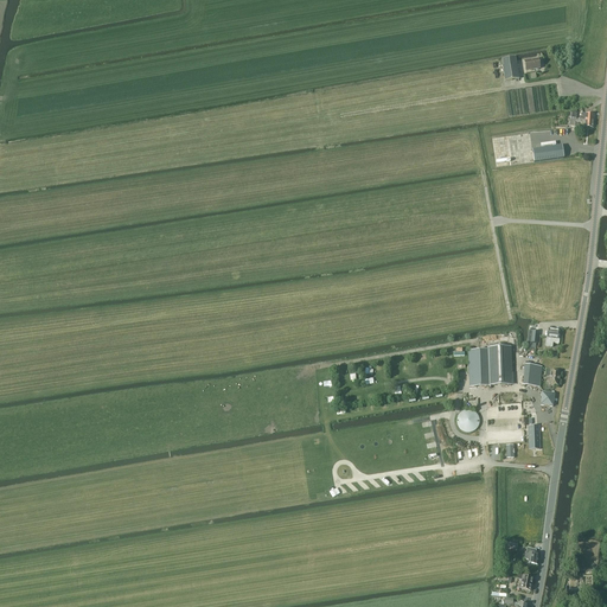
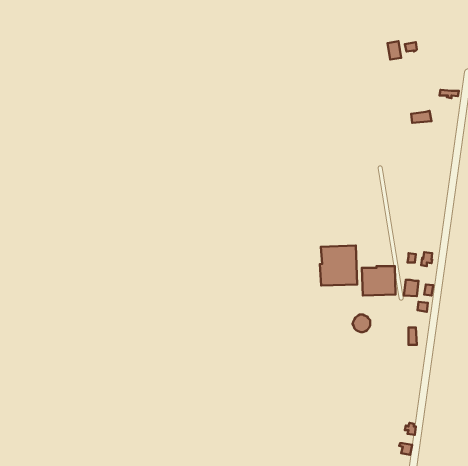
building: none -> [320,246,357,286]

